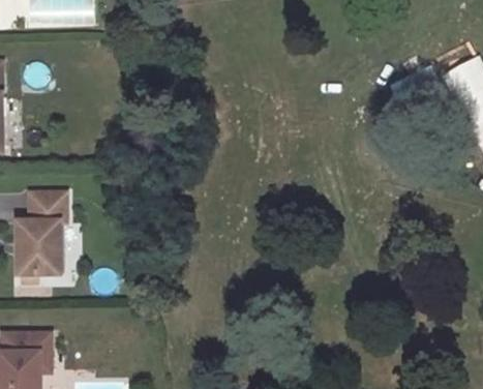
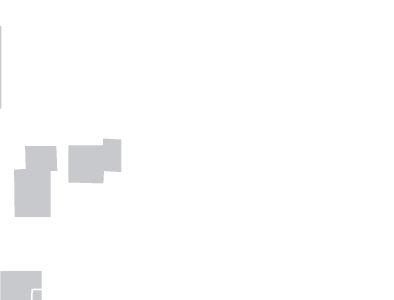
building: none -> [67,138,122,184]

